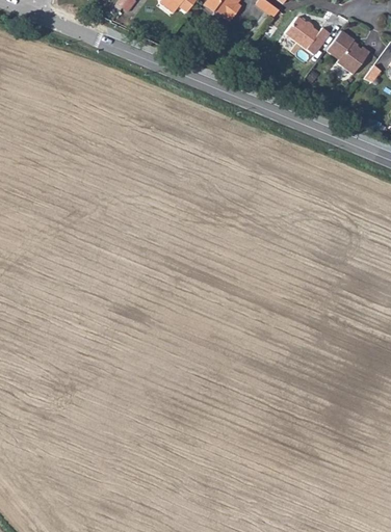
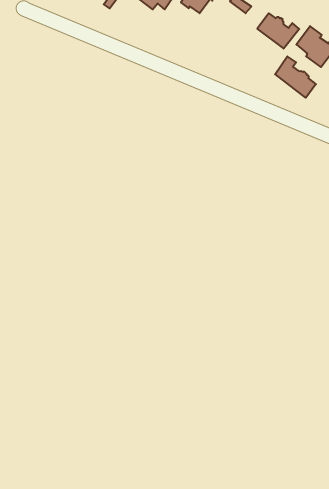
building: none -> [275,56,316,98]

